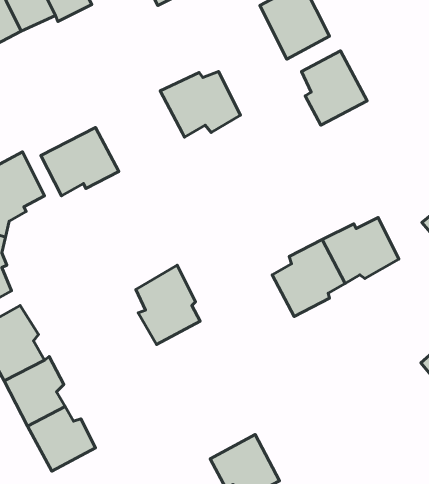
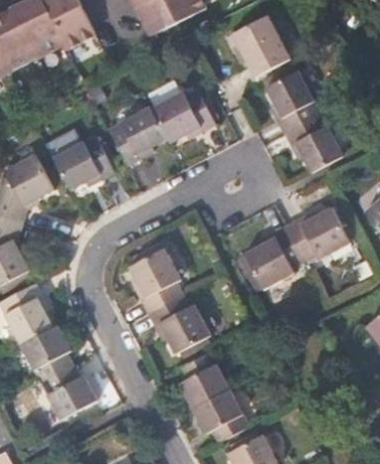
building: none -> [108,105,169,166]
building: none -> [283,113,345,173]
building: none -> [148,295,212,355]
building: none -> [179,352,229,409]

